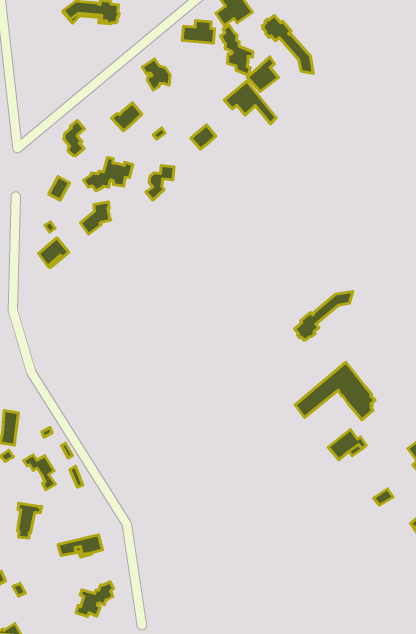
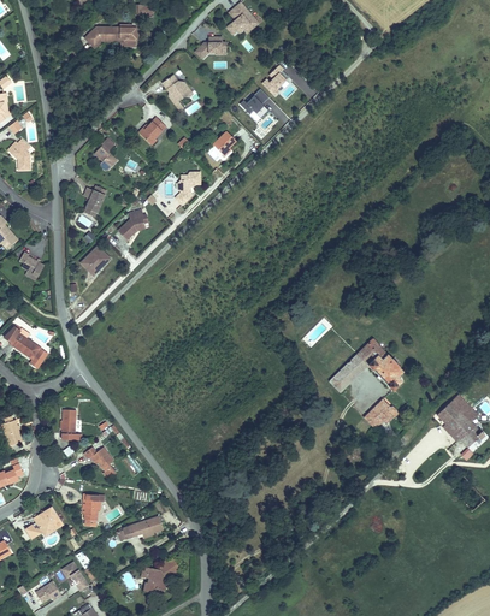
building: [262,15,313,74] -> none
building: [221,26,253,75] -> none
building: [84,157,133,191] -> none
building: [294,291,353,340] -> none

